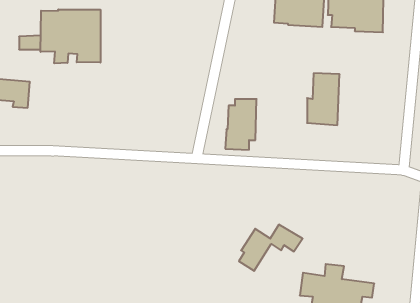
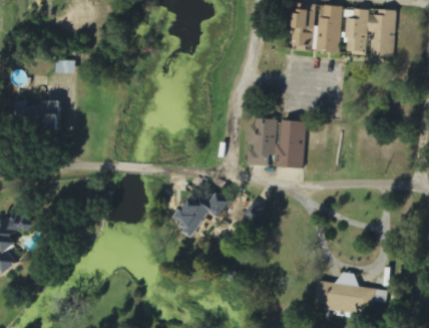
building: [41,9,100,63] -> none
building: [307,73,340,125] -> [274,119,304,168]
building: [239,225,303,271] -> [179,193,239,236]

